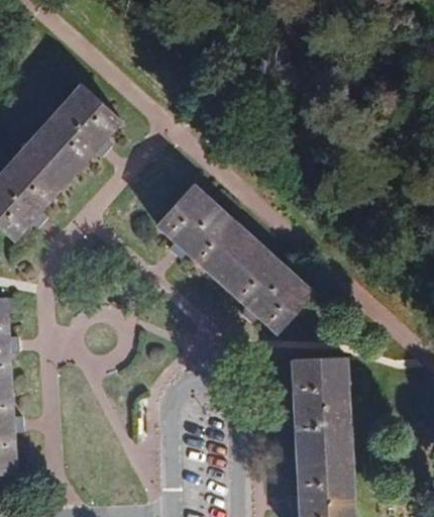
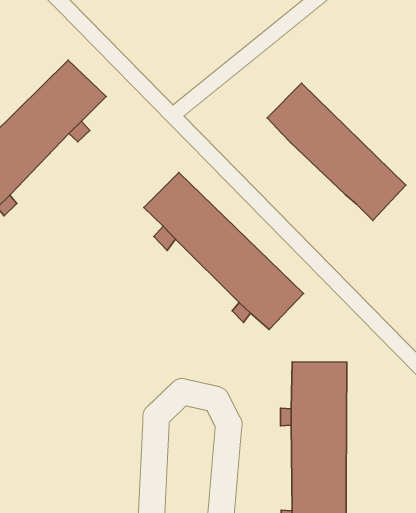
building: none -> [267,83,406,220]

